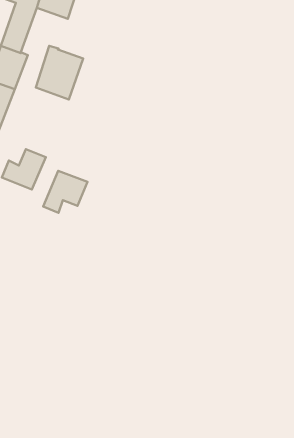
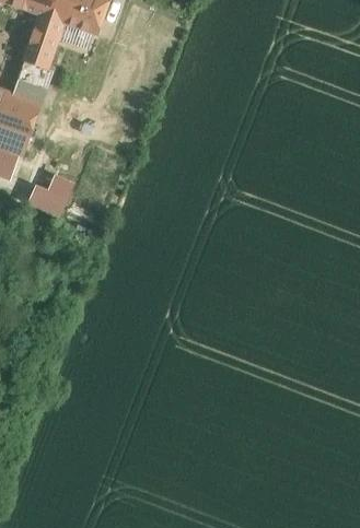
building: [36,46,83,99] -> none
building: [43,171,88,213] -> none

